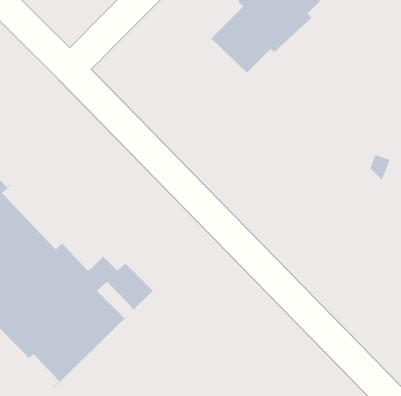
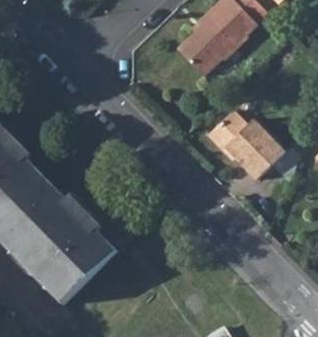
building: none -> [209,109,285,177]

